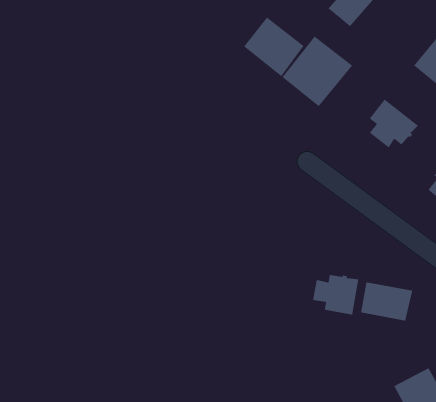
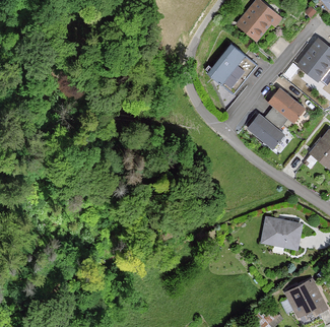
building: [243,17,304,77] -> none
building: none -> [248,113,283,147]
building: [312,274,359,315] -> none

